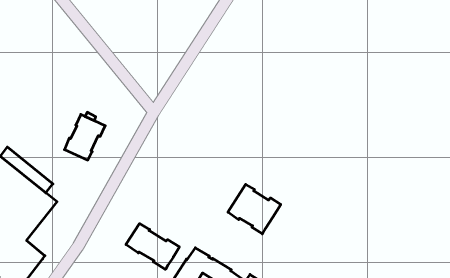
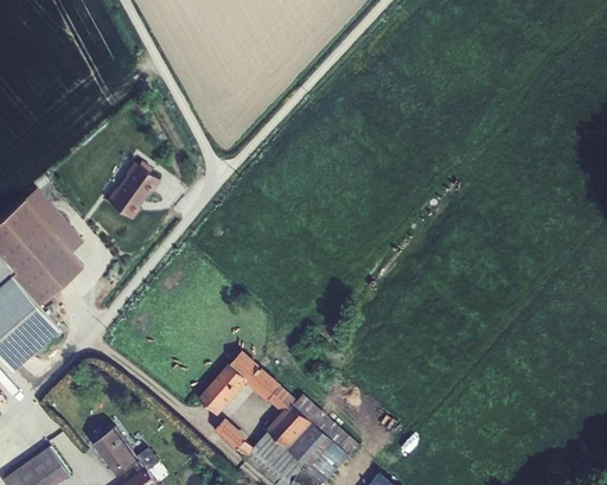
building: [228,184,281,234] -> none
building: [126,224,179,269] -> none

